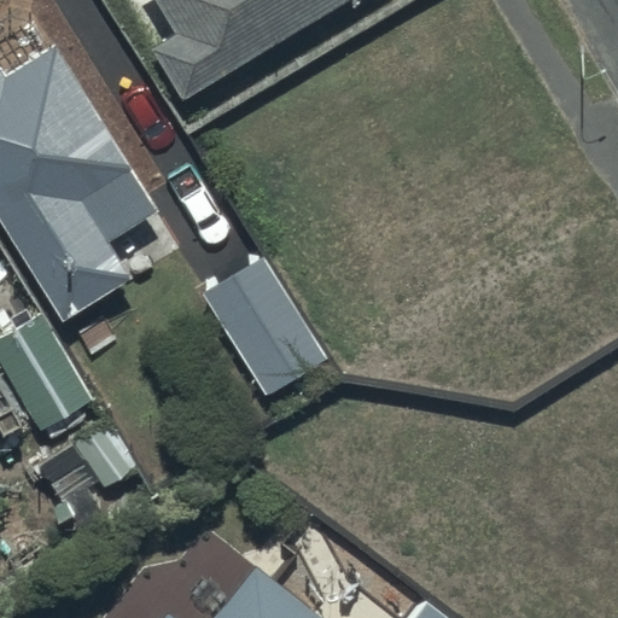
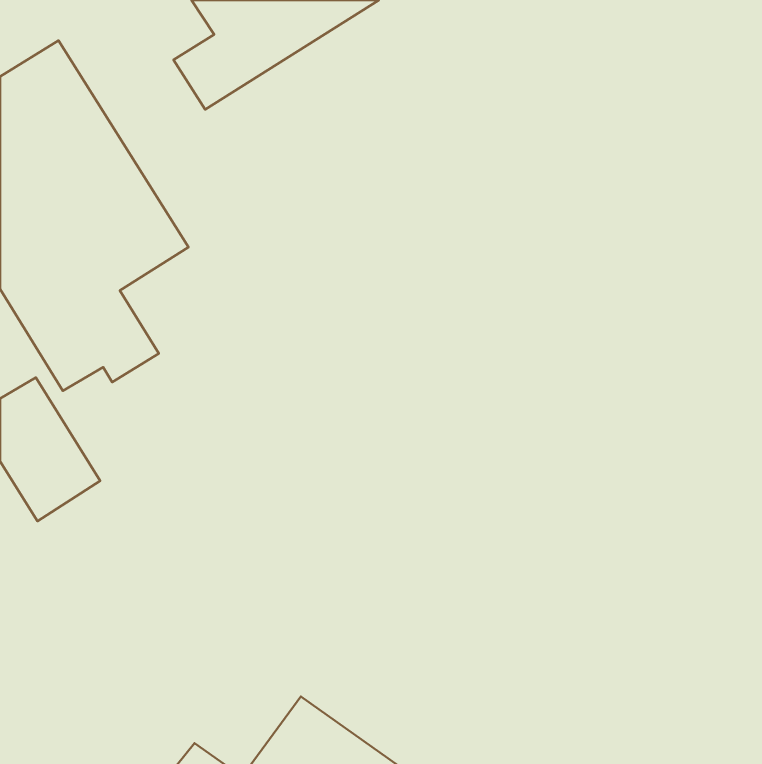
building: [205,258,328,396] -> none

